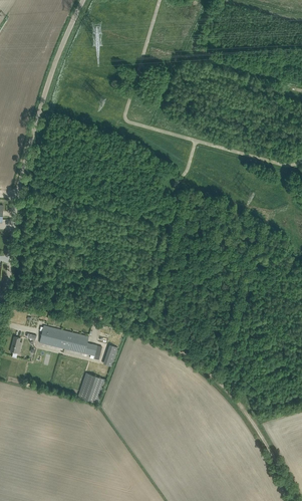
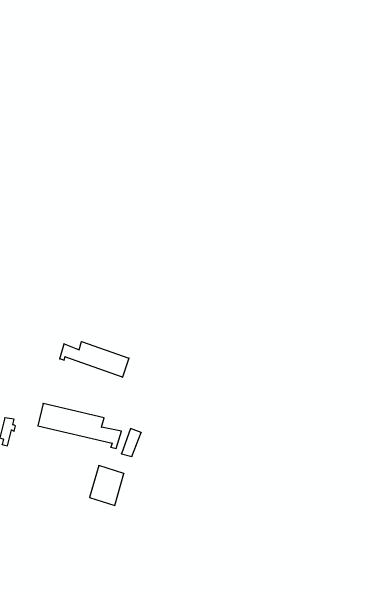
building: none -> [60,342,129,377]

